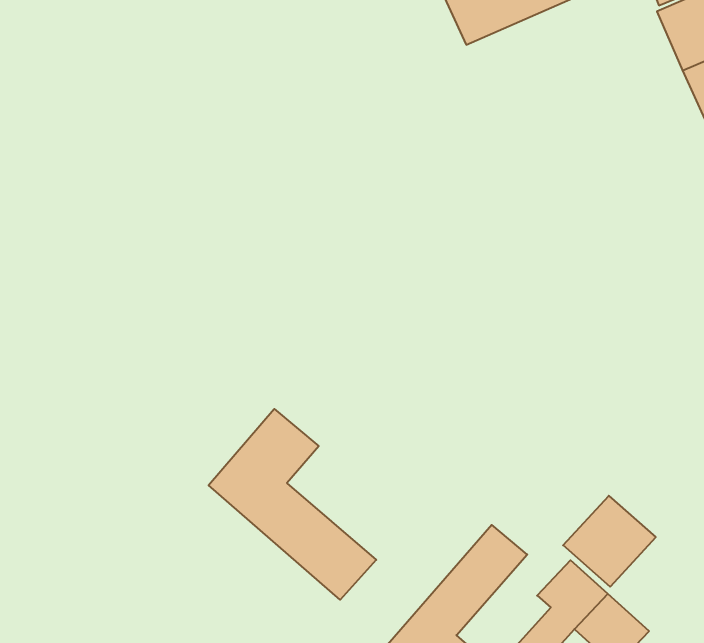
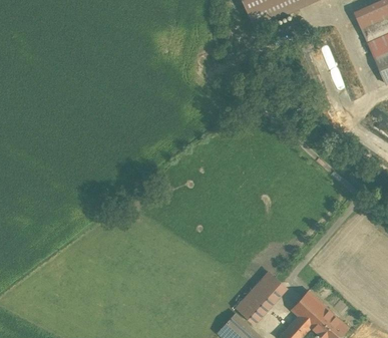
building: [209,409,376,600] -> none
building: [563,496,656,587] -> none

